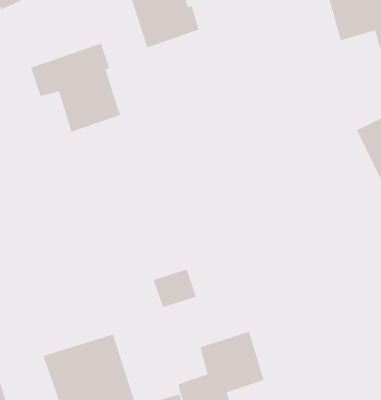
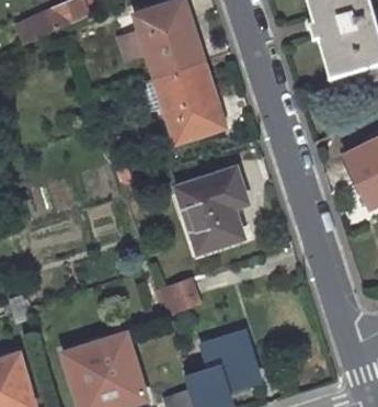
building: [30,43,121,132] -> [138,63,219,143]
building: none -> [176,168,243,249]

